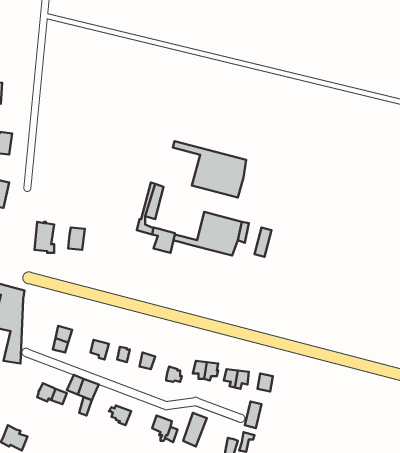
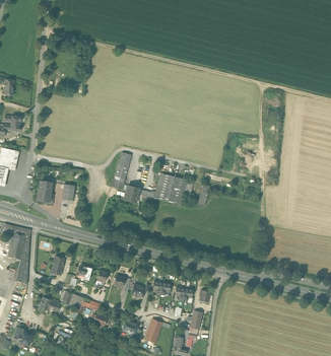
building: [173,141,246,197] -> none

